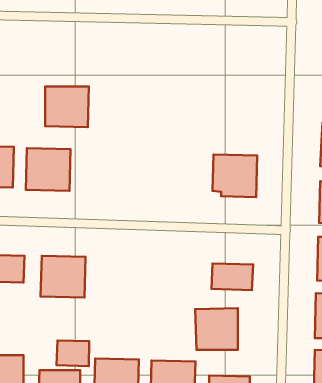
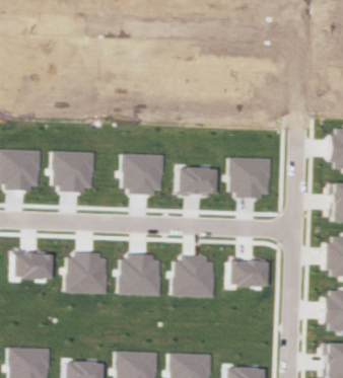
building: [45,87,89,127] -> [122,154,163,193]
building: none -> [176,167,215,195]
building: none -> [119,255,161,295]
building: [195,308,238,350] -> [173,256,213,296]
building: [56,341,89,366] -> none

